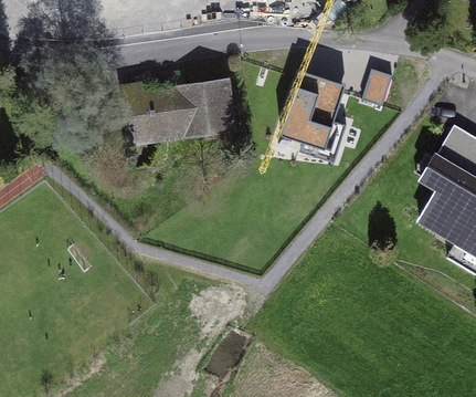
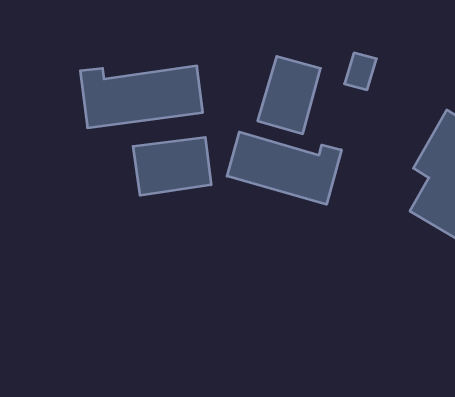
building: none -> [227,132,341,204]
building: none -> [133,137,211,195]

